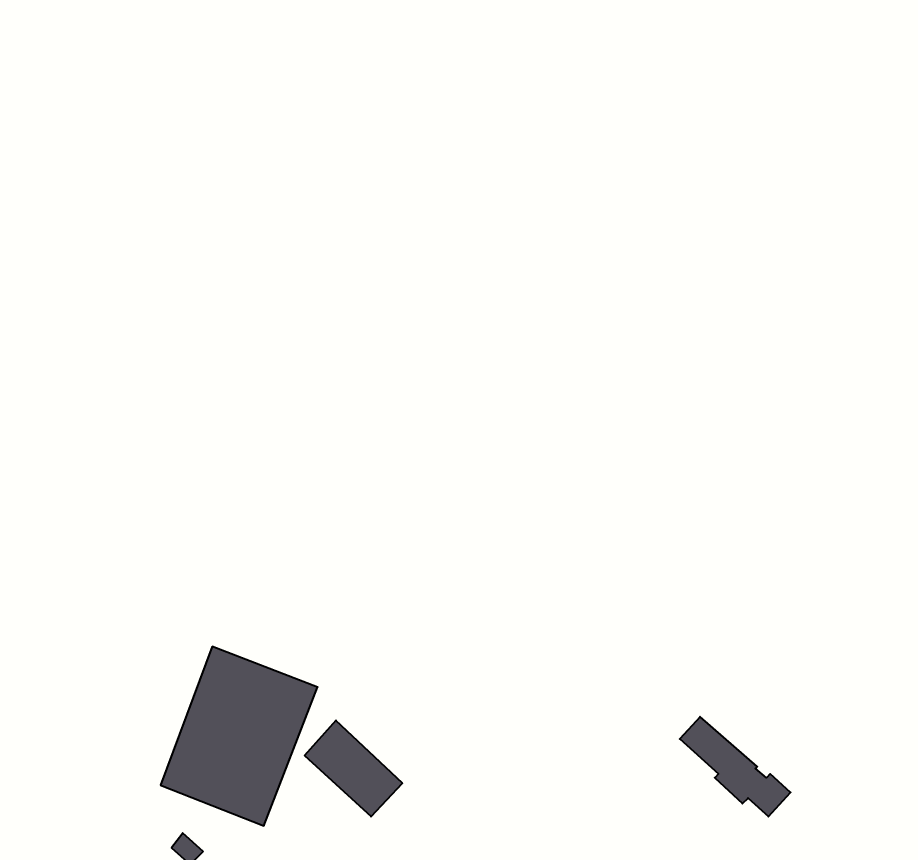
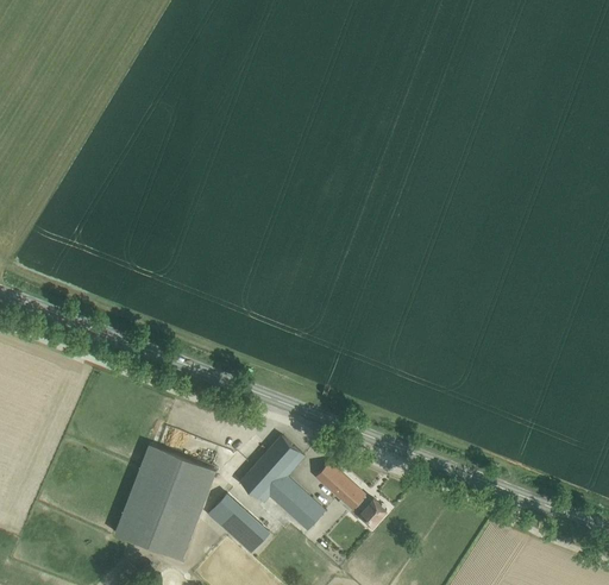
building: none -> [239,436,325,531]
building: [680,717,791,817] -> [315,464,387,528]

